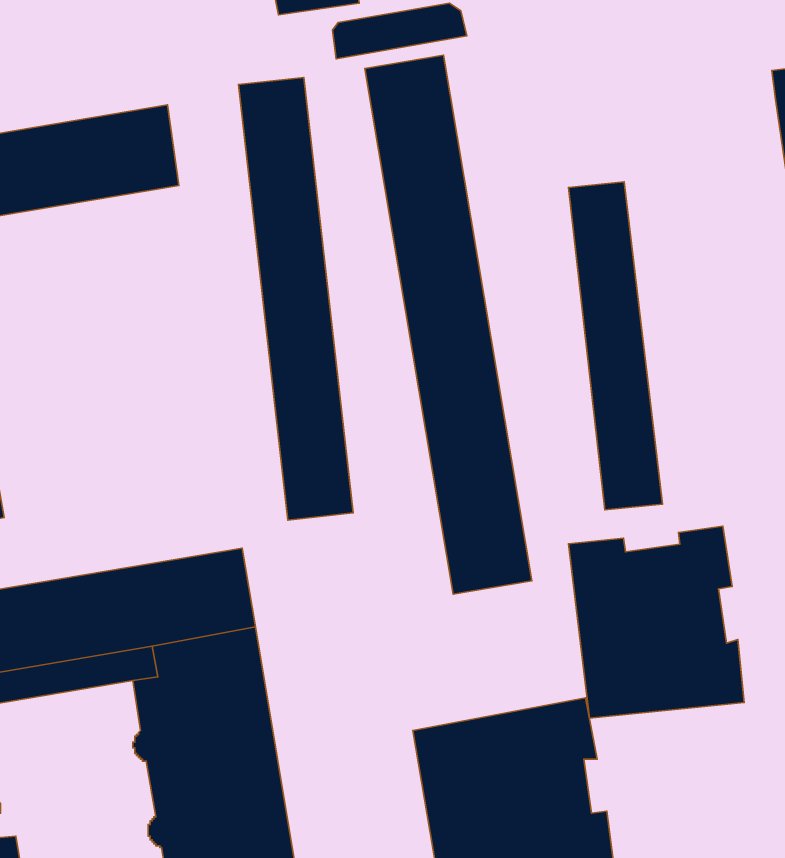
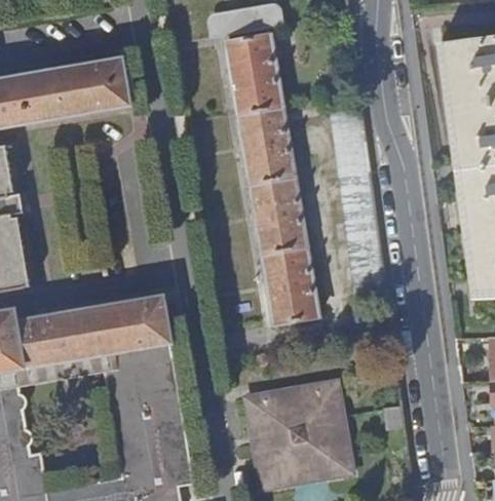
building: [238,77,353,520] -> none
building: [568,526,744,718] -> none

